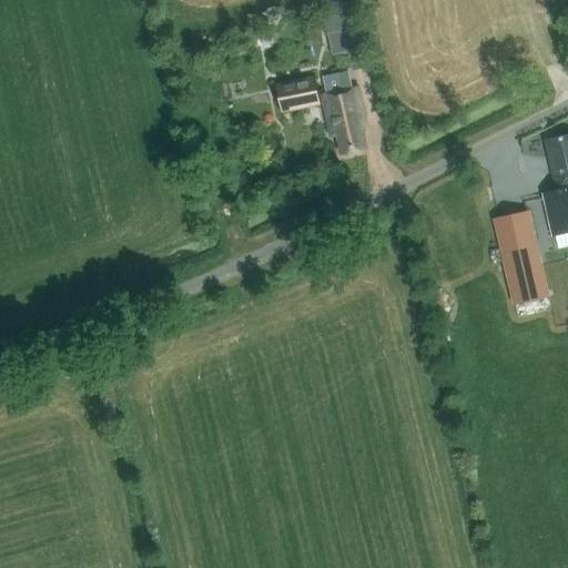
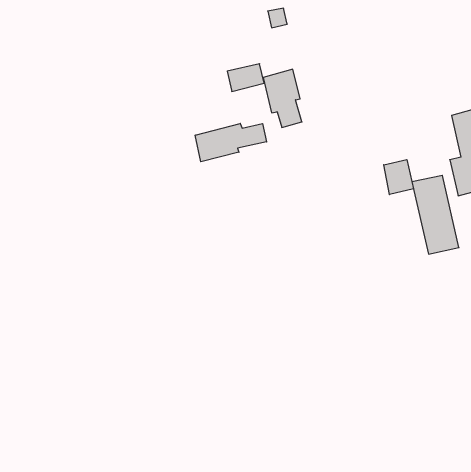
building: none -> [195,123,267,162]
building: none -> [384,160,414,195]

